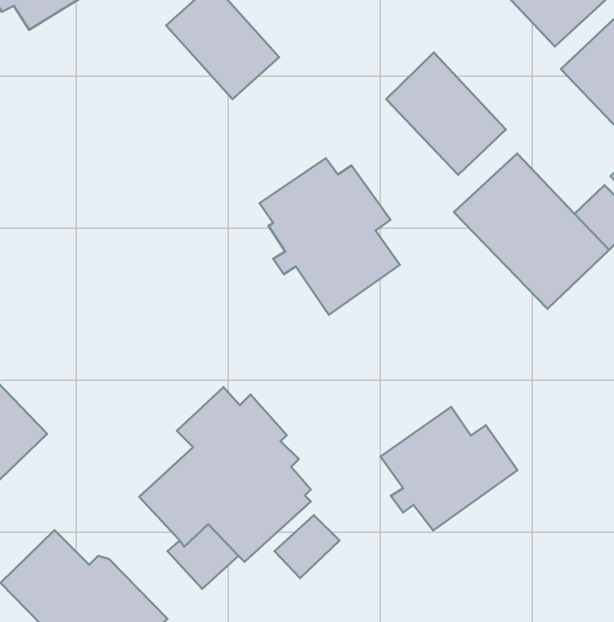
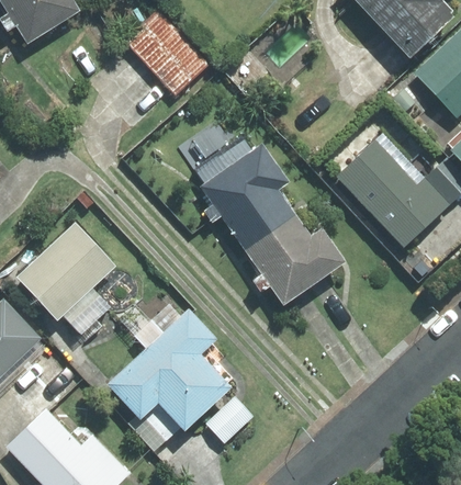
building: [386,53,506,175] -> none
building: none -> [18,224,114,335]
building: [380,407,518,530] -> [246,215,346,305]

